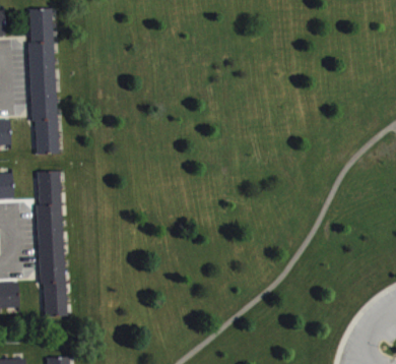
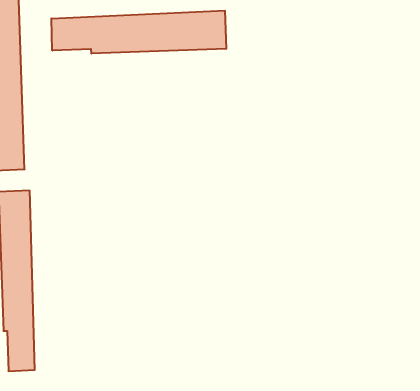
building: none -> [51,11,226,54]

